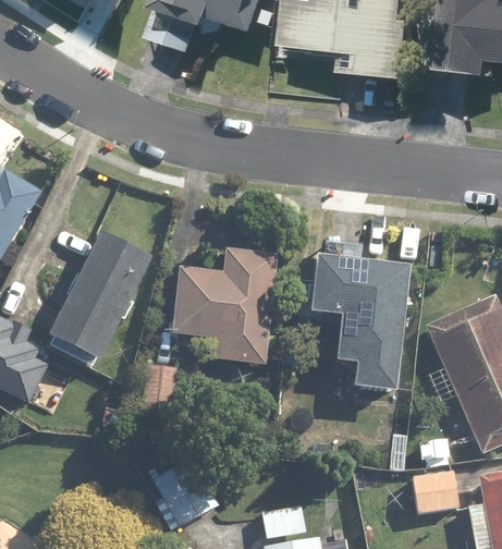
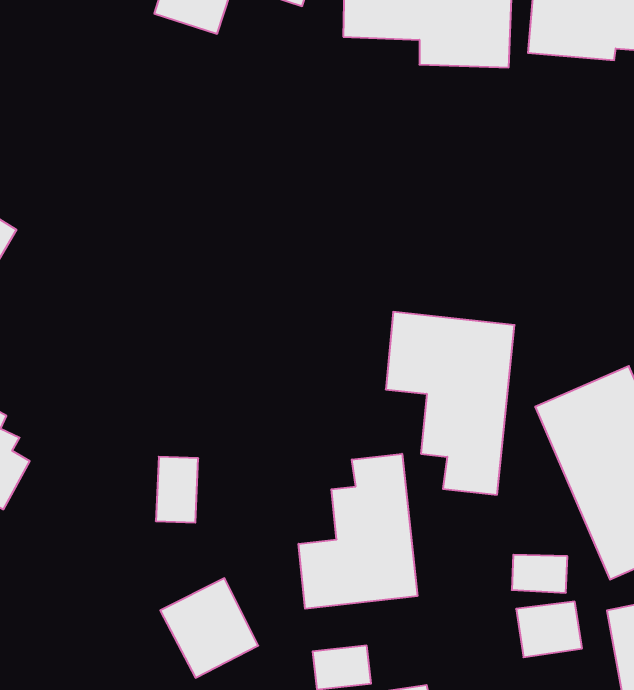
building: [47,236,148,364] -> none
building: [172,248,273,362] -> none
building: none -> [299,454,417,609]

